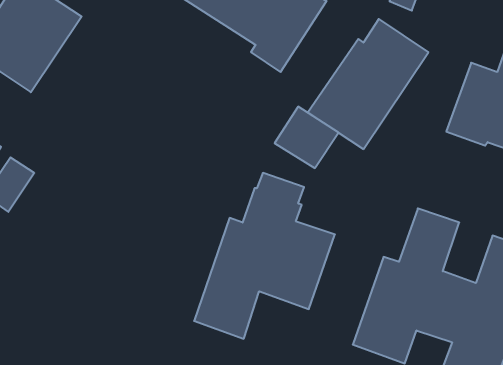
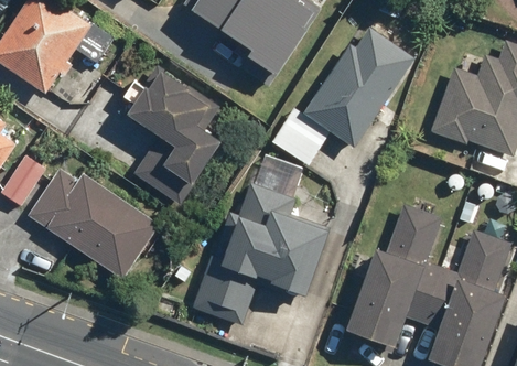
building: none -> [123,68,220,204]
building: none -> [29,169,161,279]

